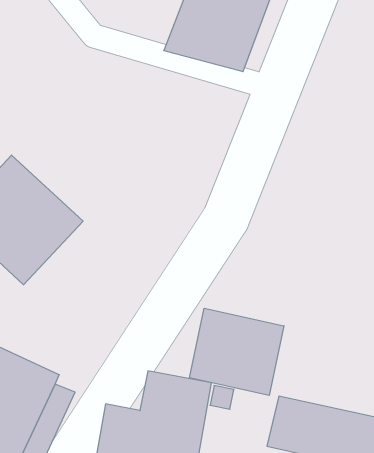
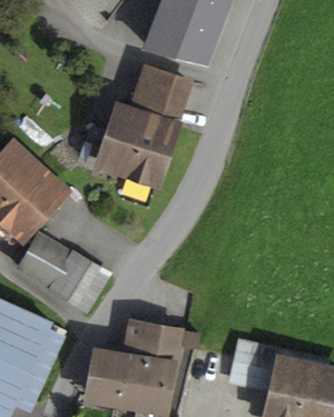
building: none -> [75,63,191,190]
building: none -> [13,230,109,312]
building: [189,308,284,395] -> none

